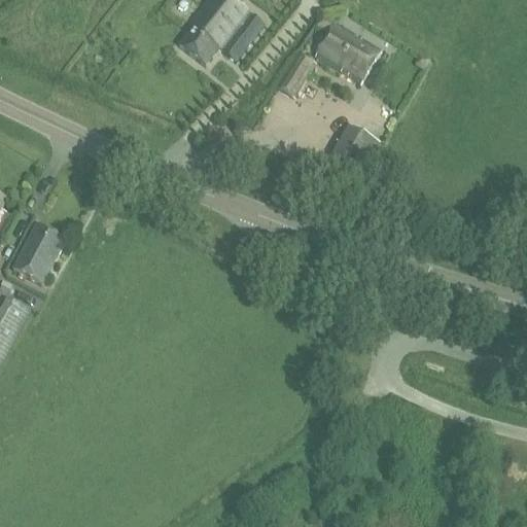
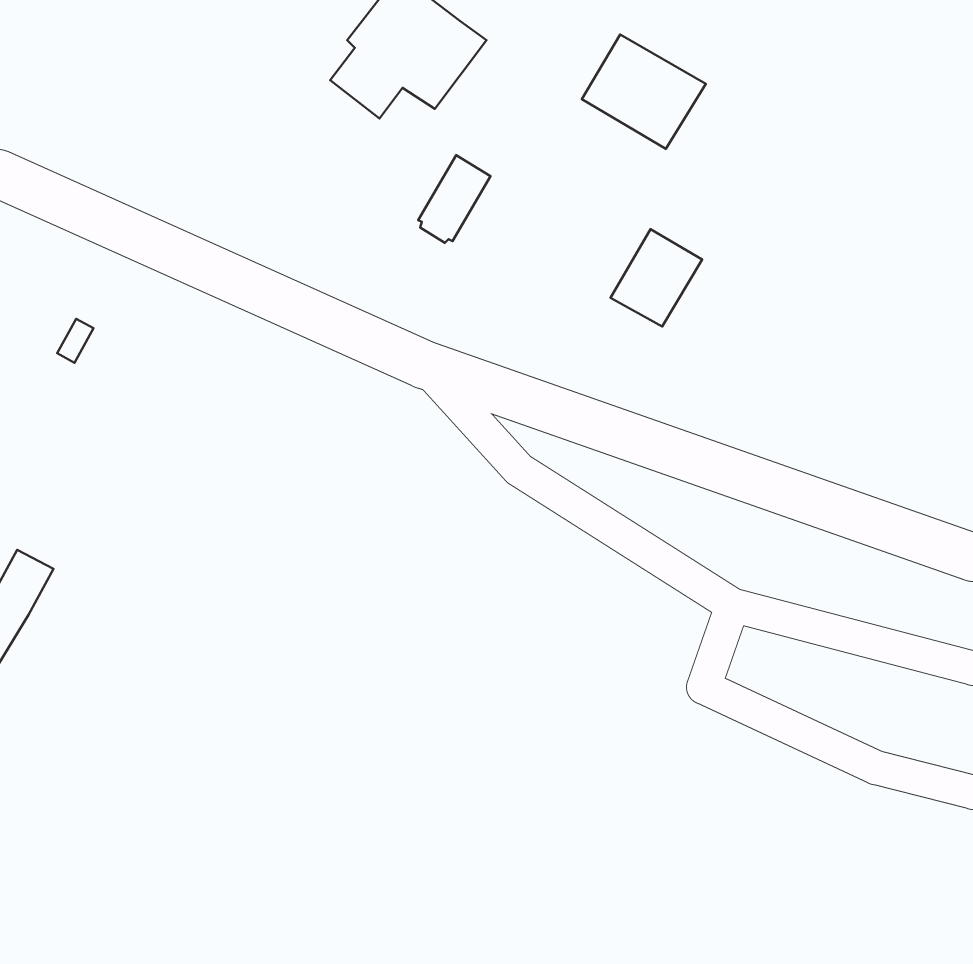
building: [276,49,315,97] -> [418,155,491,243]
building: [11,223,64,282] -> none

